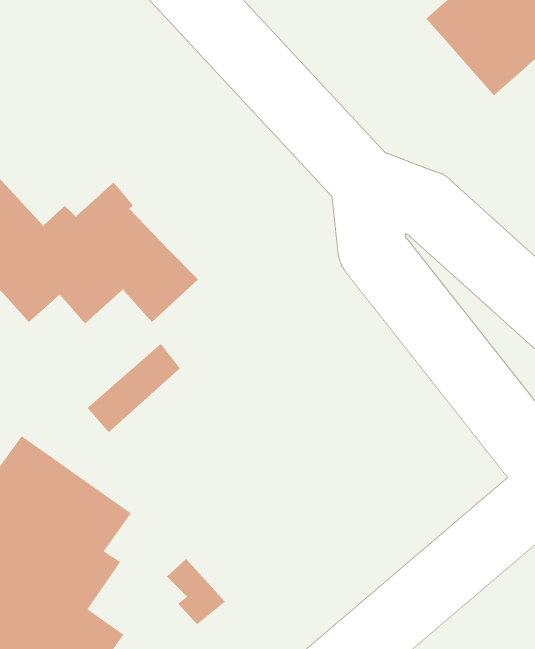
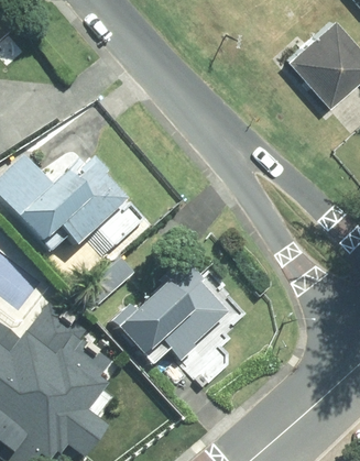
building: none -> [111,263,248,364]

